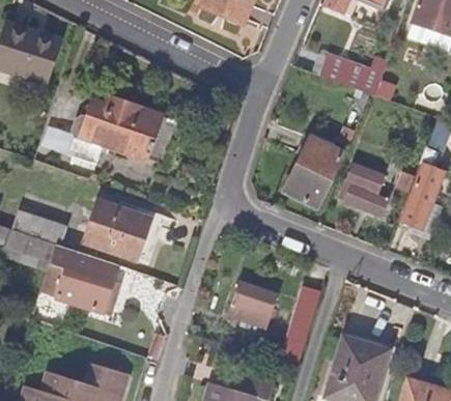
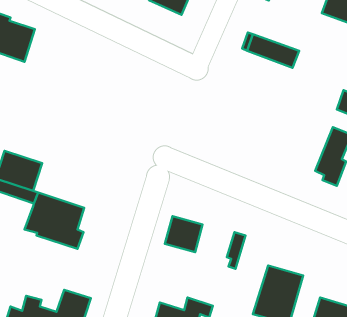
building: [63,95,158,162] -> none
building: [287,124,358,208] -> none
building: [340,156,389,214] -> none
building: [91,201,156,260] -> none

